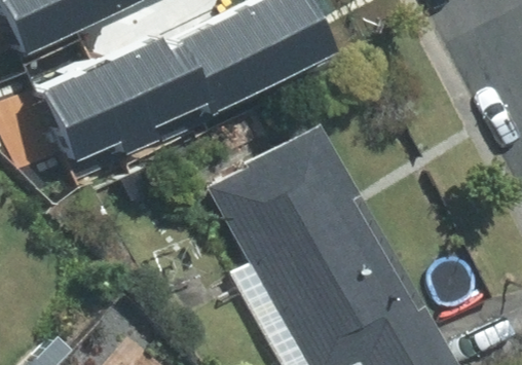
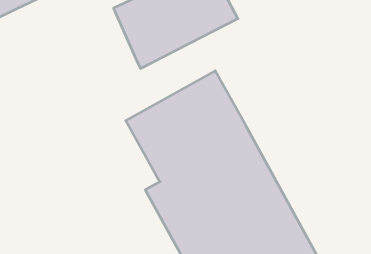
building: [48,35,215,158] -> none

